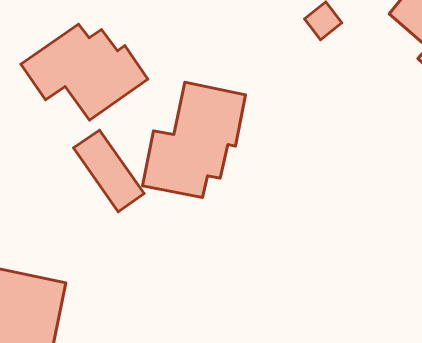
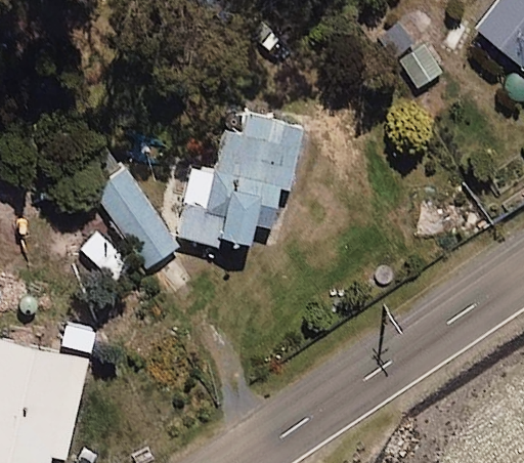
building: [21,24,148,120] -> none

